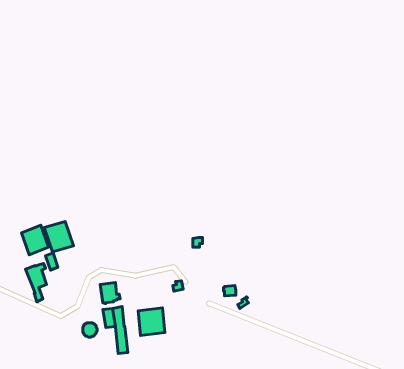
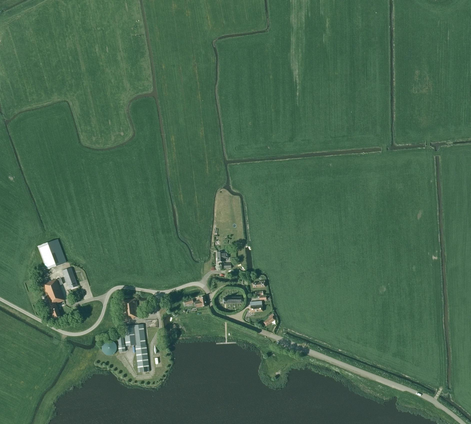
building: [44,221,74,252] -> none
building: [138,308,165,336] -> none

